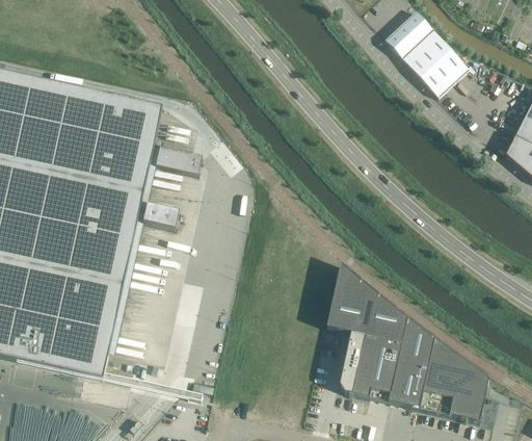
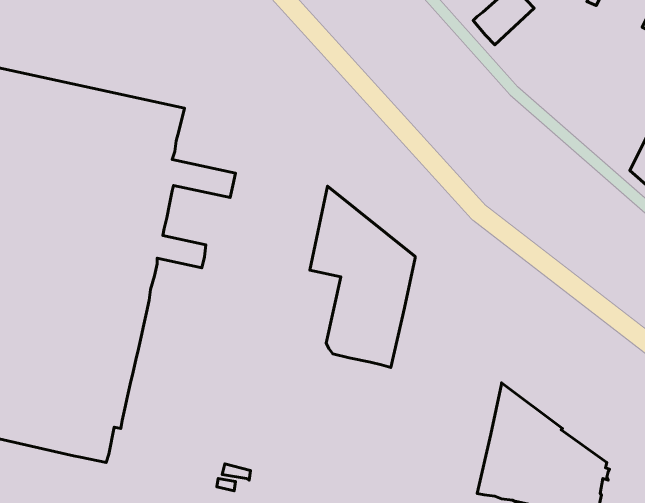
building: [401,28,468,96] -> none
building: [325,262,406,401] -> [310,186,415,367]

